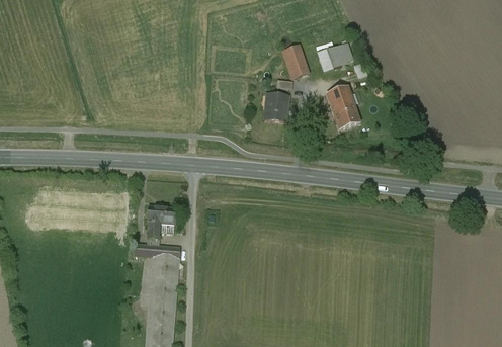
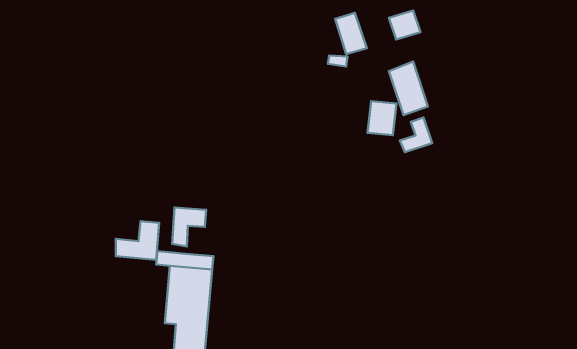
building: [264,93,288,121] -> [367,101,397,135]
building: none -> [400,117,432,152]
building: none -> [116,221,159,260]

